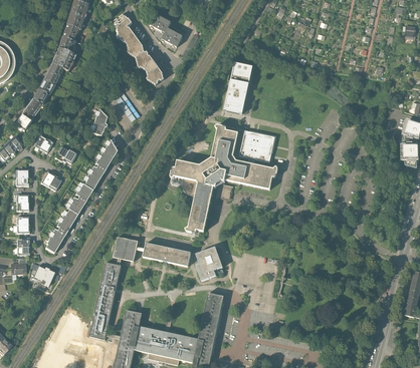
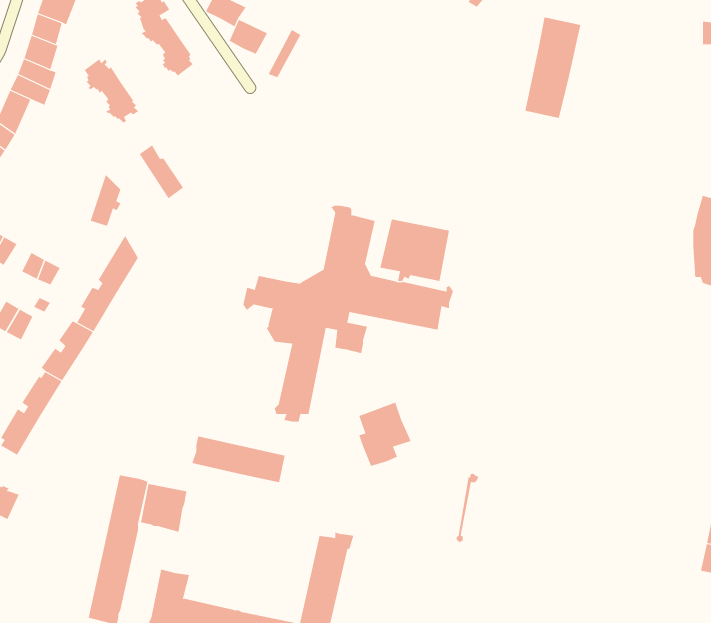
building: [136,51,164,84] -> [84,58,139,123]
building: [222,62,251,114] -> [524,17,581,119]
building: [114,236,138,261] -> [140,484,187,532]
building: [196,247,223,280] -> [359,402,411,467]

